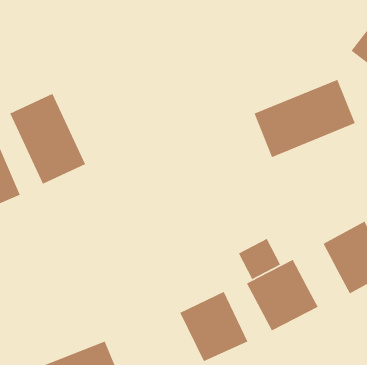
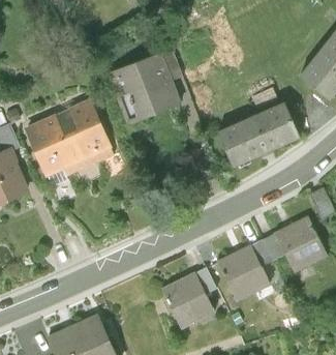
building: none -> [104,49,184,126]
building: none -> [58,95,119,169]
building: [238,238,281,280] -> [252,233,287,267]

